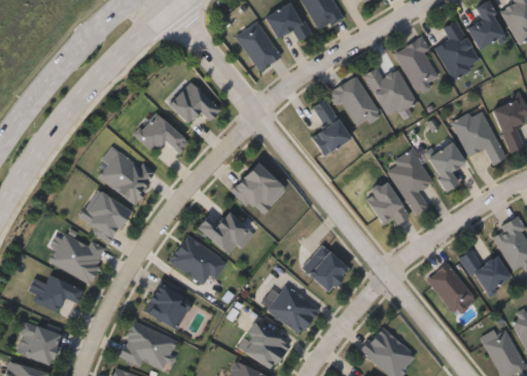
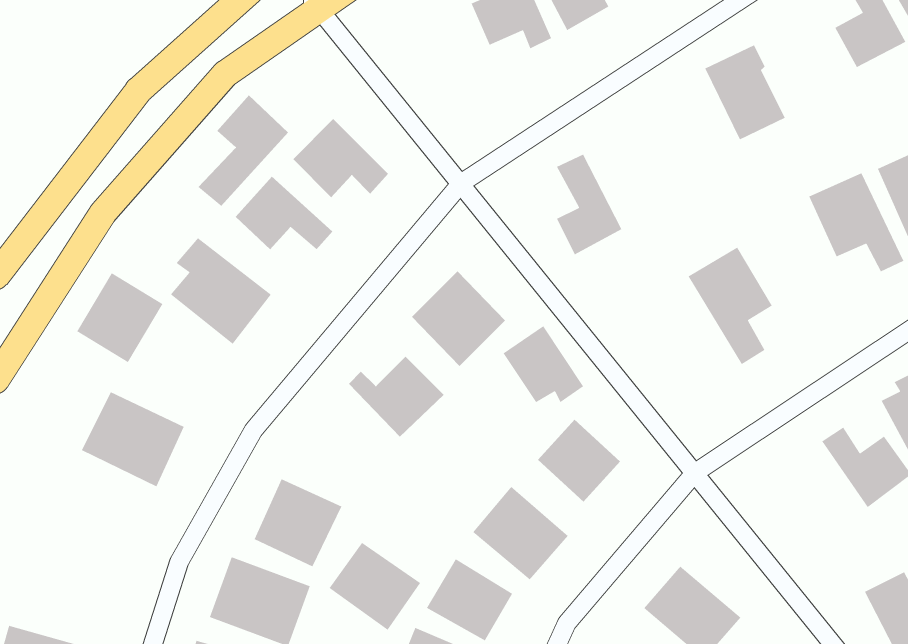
building: [436,21,482,80] -> none
building: [236,22,281,71] -> none
building: none -> [198,94,289,207]
building: [364,68,417,118] -> none
building: [333,76,381,132] -> none
building: [426,142,466,192] -> none
building: [364,182,410,226] -> [503,325,584,403]
building: [81,193,130,243] -> [76,272,163,363]
building: [170,236,221,285] -> [328,542,421,631]
building: [427,263,475,316] -> none
building: [30,275,83,313] -> none
building: [23,324,61,366] -> none

